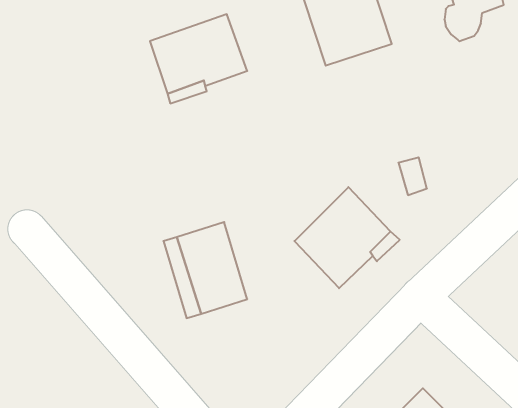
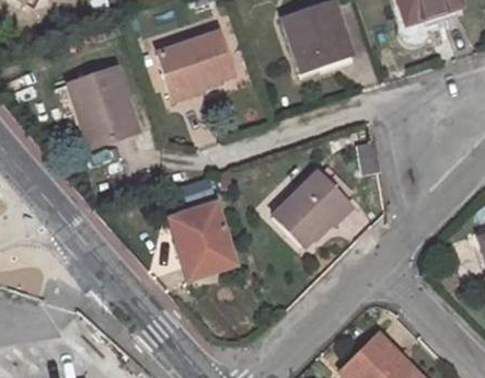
building: none -> [69,67,136,145]

